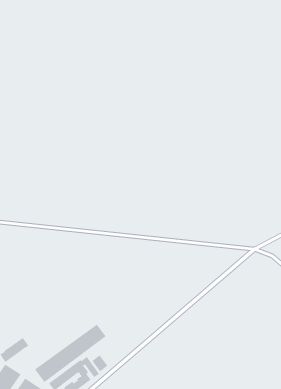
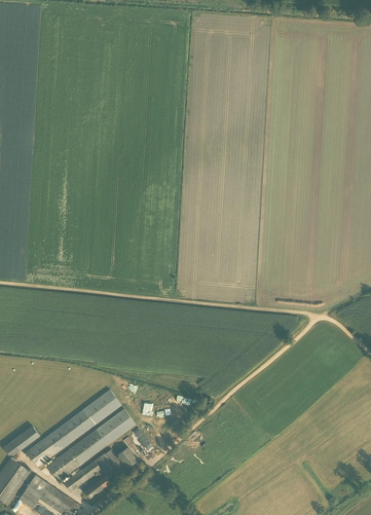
building: none -> [25,390,120,468]

